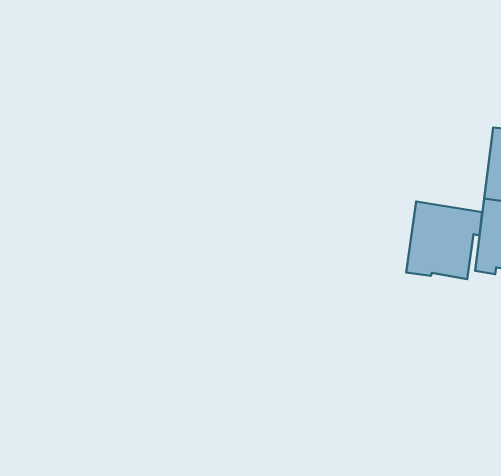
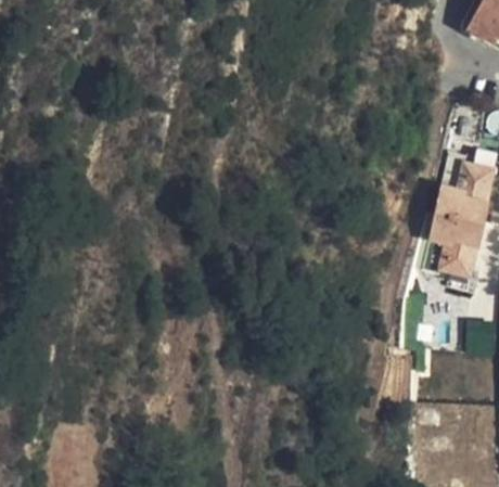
building: [406,201,482,279] -> none

